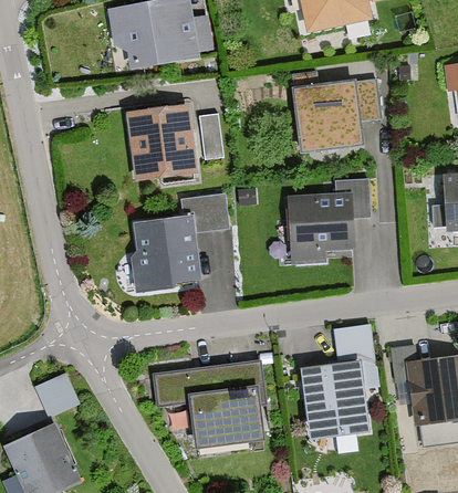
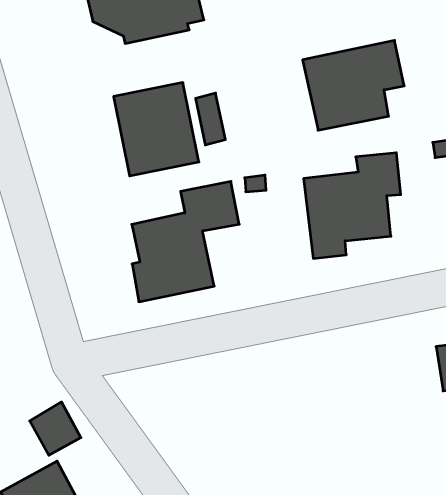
building: [332,326,371,357] -> none
building: [300,363,369,441] -> none
building: [150,365,263,450] -> none

